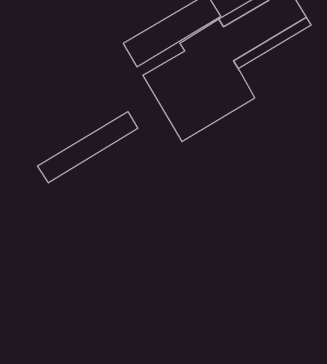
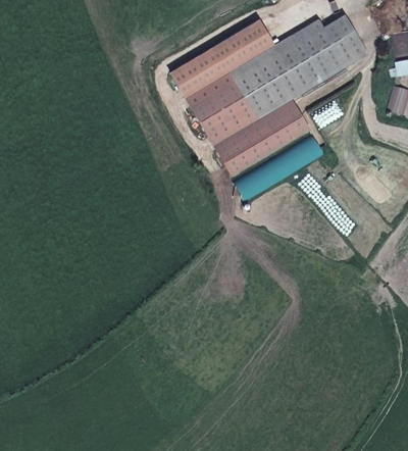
building: [38,112,138,183] -> none

